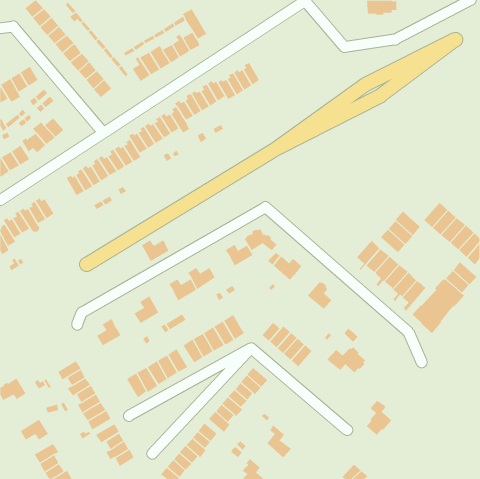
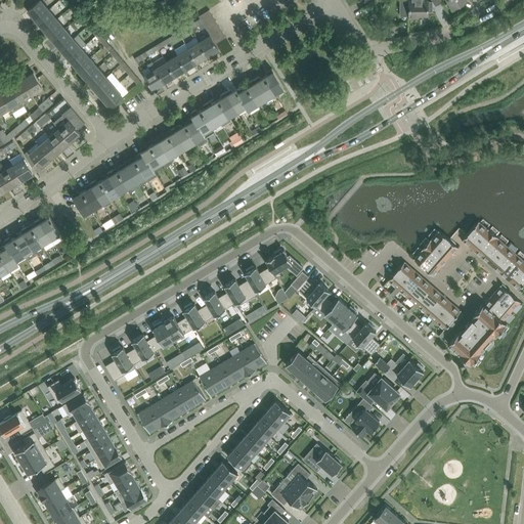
building: none -> [58,108,84,143]
building: [141,239,169,262] -> [163,317,193,342]
building: none -> [224,279,255,304]
building: none -> [315,297,347,323]
building: none -> [352,324,380,355]
building: none -> [125,336,152,366]
building: none -> [391,360,423,387]
building: none -> [47,379,81,404]
building: [366,400,392,435] -> [350,399,379,438]
building: none -> [15,441,43,471]
building: none -> [304,451,341,475]
building: none -> [270,484,308,511]

